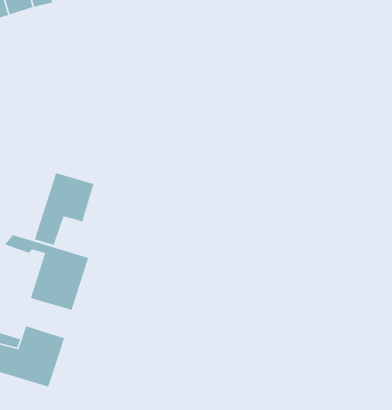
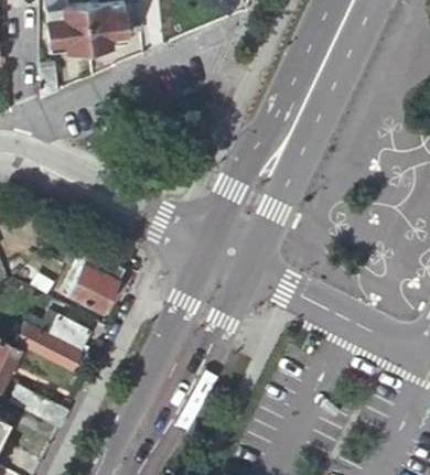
building: [34,172,95,246] -> none

